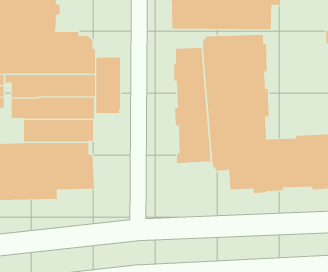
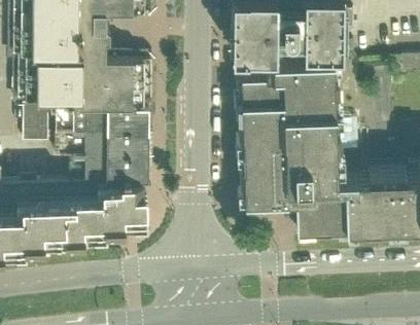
building: [96,57,121,114] -> none

